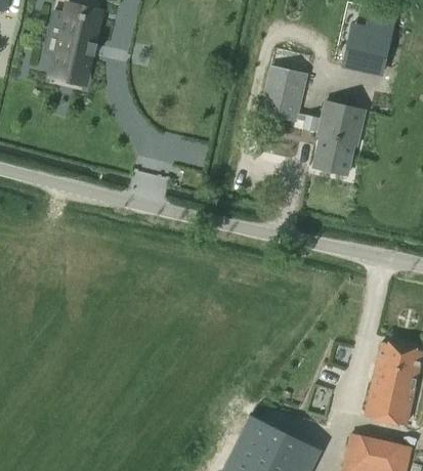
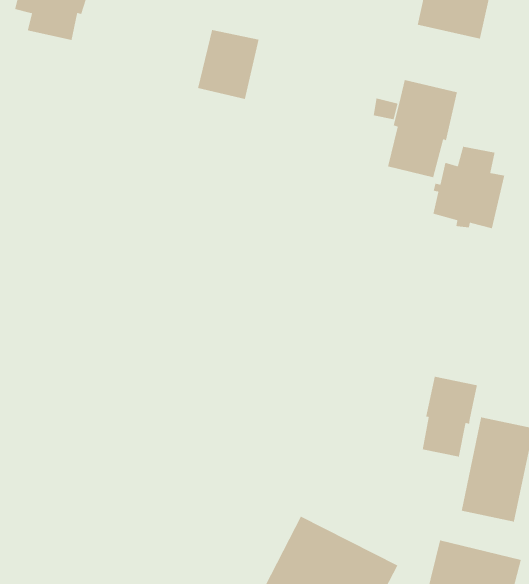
building: [261,69,306,120] -> [197,29,260,100]
building: none -> [433,146,505,231]
building: none -> [422,376,478,458]

